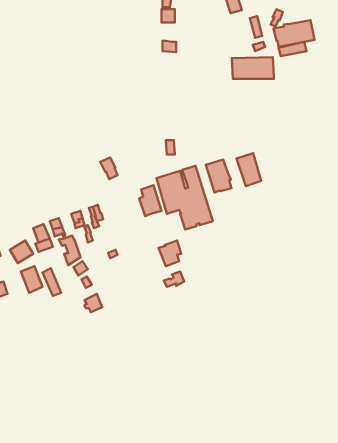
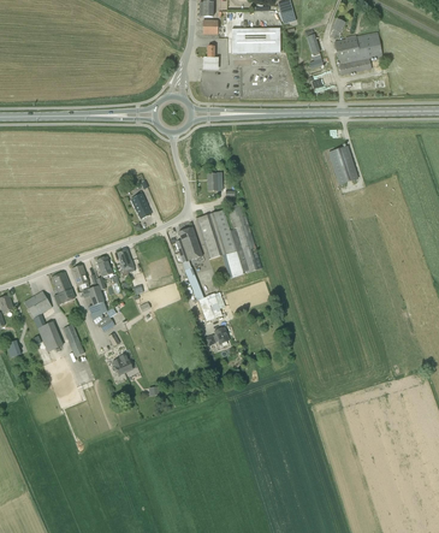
building: [232,57,274,79] -> [231,28,280,53]
building: [237,153,261,186] -> [328,146,357,184]
building: [206,160,232,192] -> none

